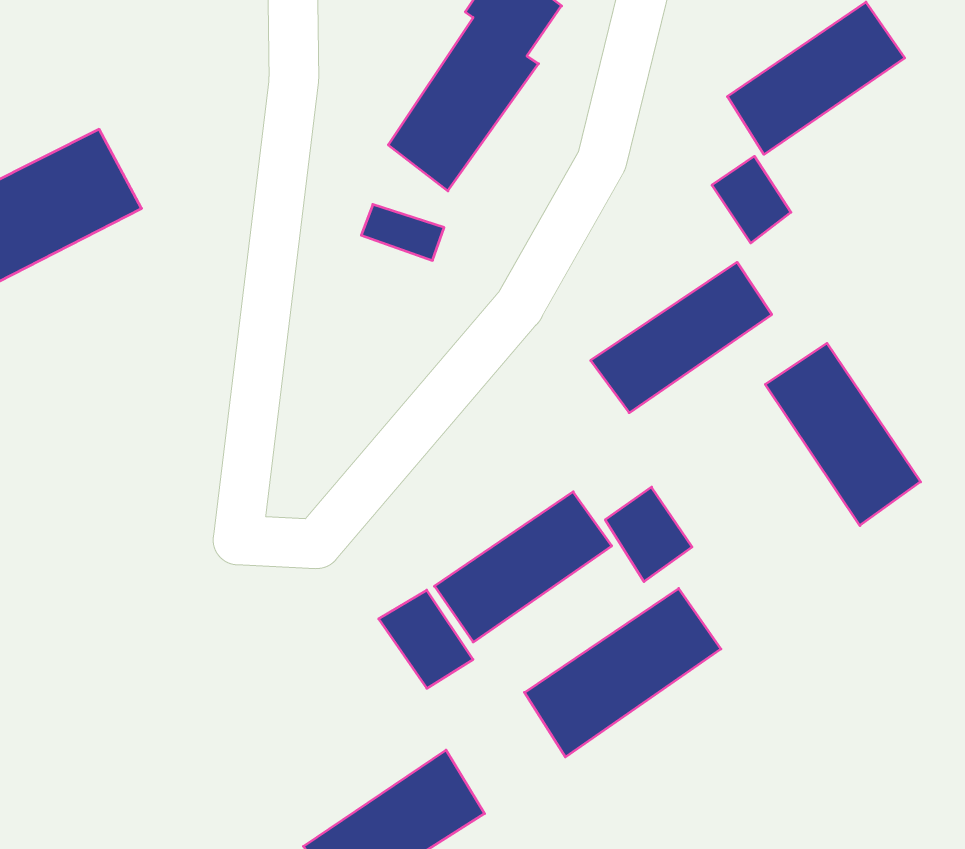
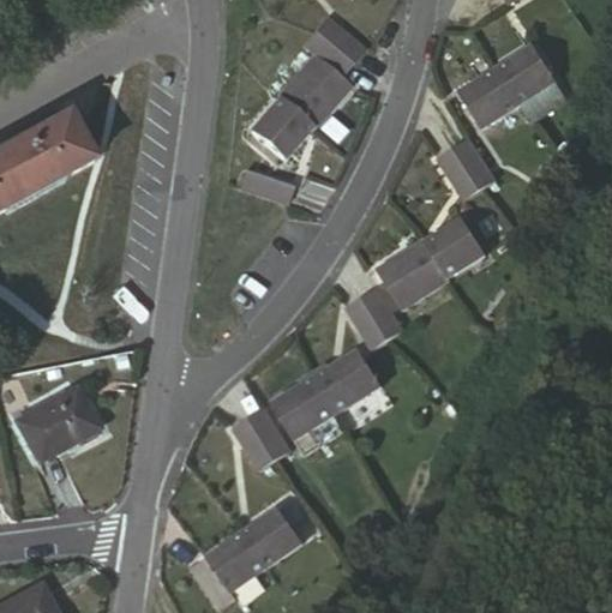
building: [765,343,921,526] -> none
building: [605,487,692,582] -> [347,274,401,332]
building: none -> [18,393,94,461]
building: [524,588,721,757] -> none

